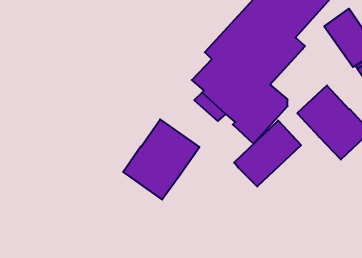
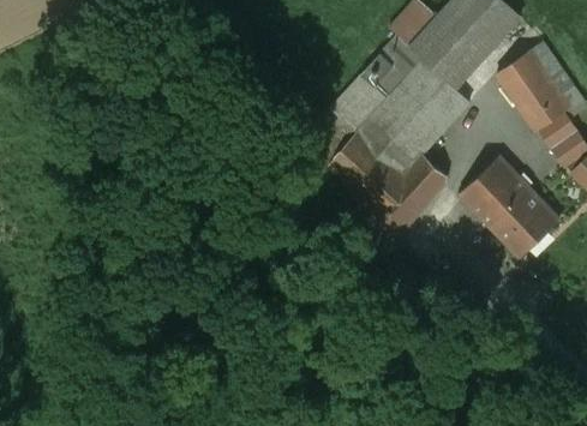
building: [123,119,199,200] -> none
building: [234,120,301,187] -> none

